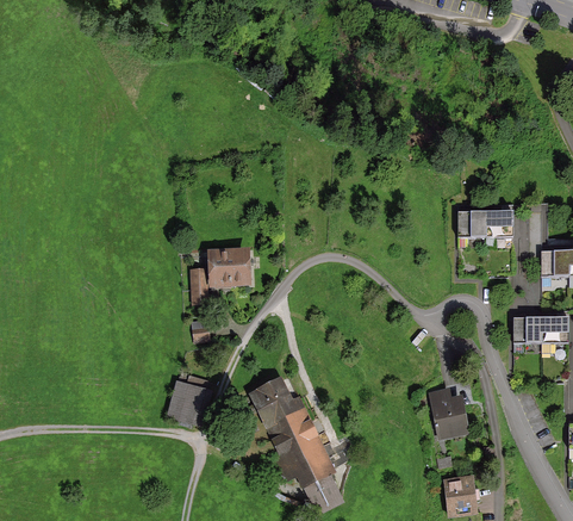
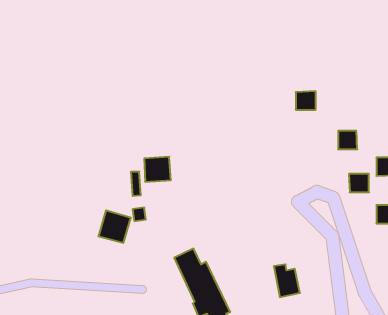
building: [457,211,486,237] -> [296,91,316,110]
building: [512,317,541,343] -> [349,174,369,192]
building: [168,382,214,428] -> [98,210,131,243]
building: [430,390,467,436] -> [274,264,300,297]

